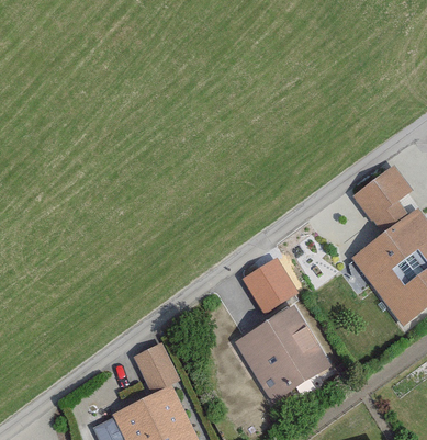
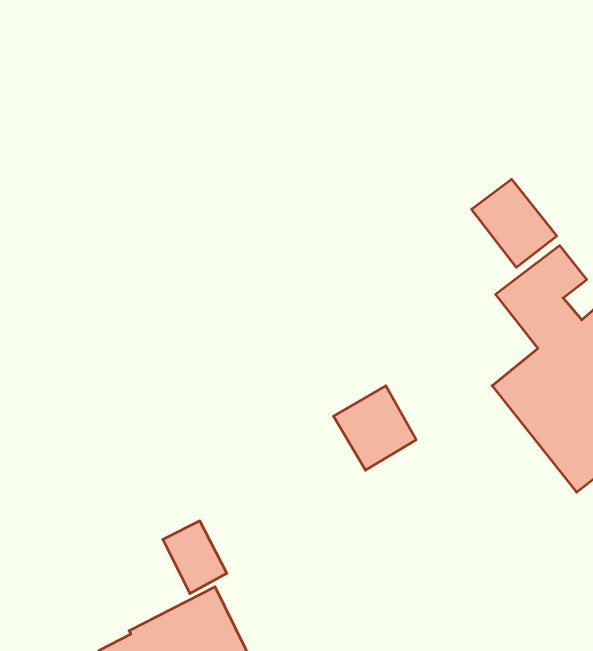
building: none -> [472,179,557,267]
building: [236,307,332,404] -> none

